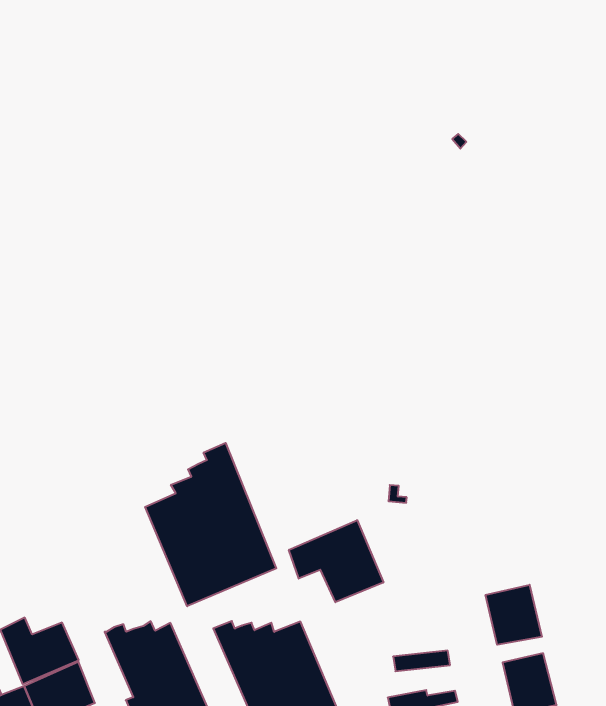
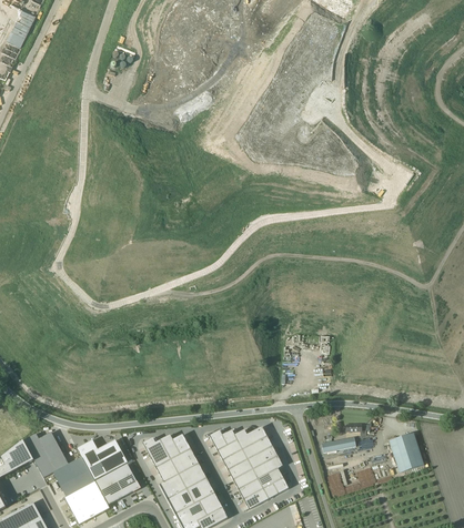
building: [145,443,276,606] -> none
building: [289,520,383,602] -> none
building: [486,585,542,645] -> none

